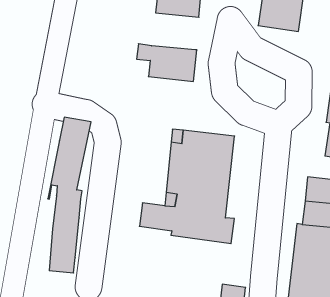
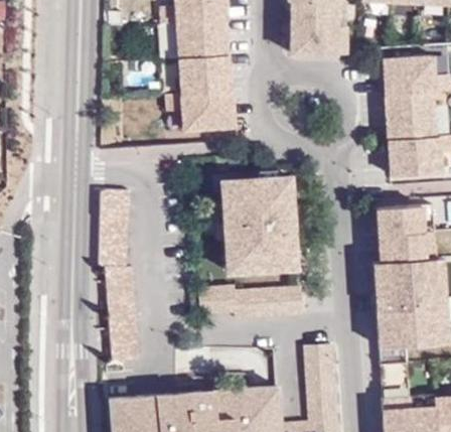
building: none -> [180,52,231,93]

